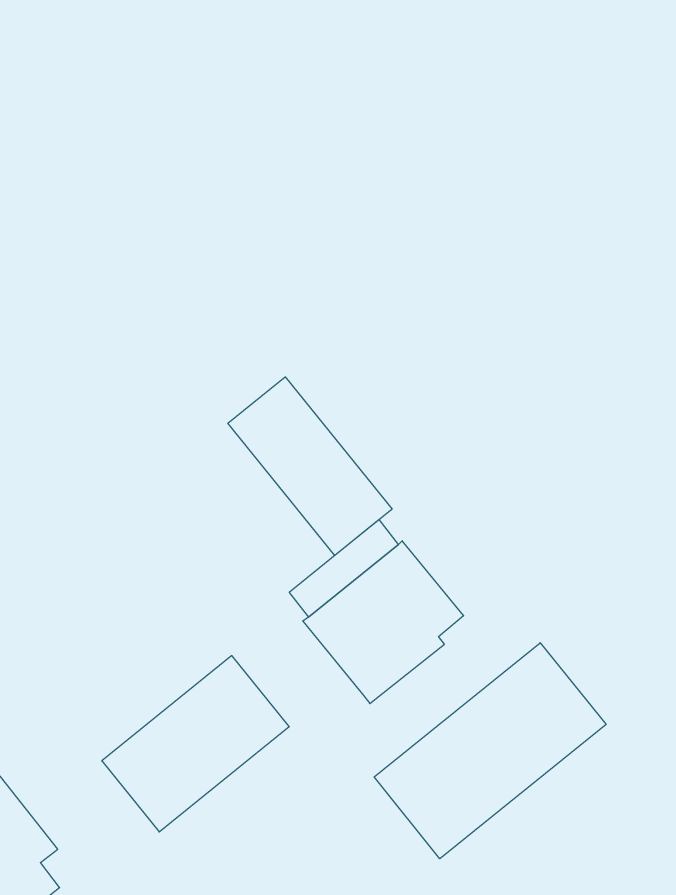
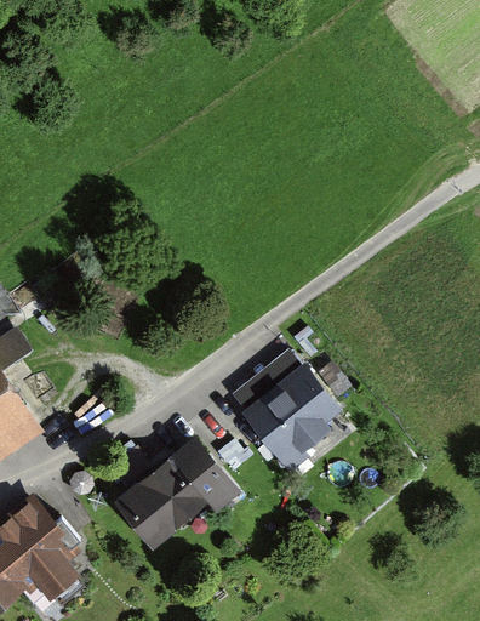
building: [228,377,392,555] -> none
building: [374,643,606,859] -> none

